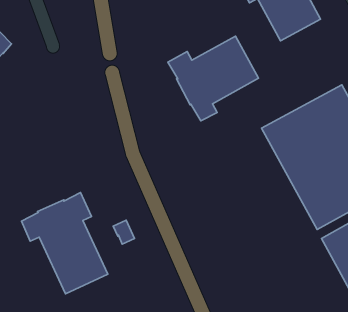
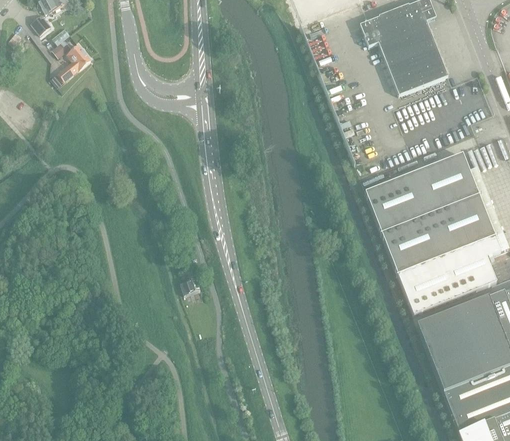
building: [168,36,259,121] -> none
building: [22,193,108,294] -> none

